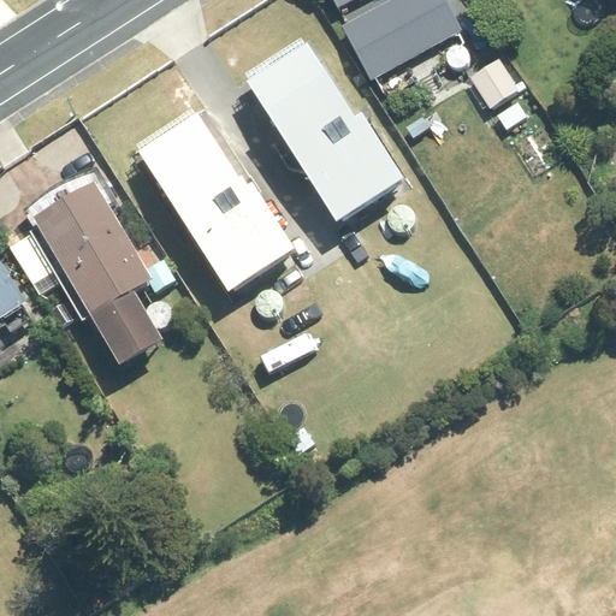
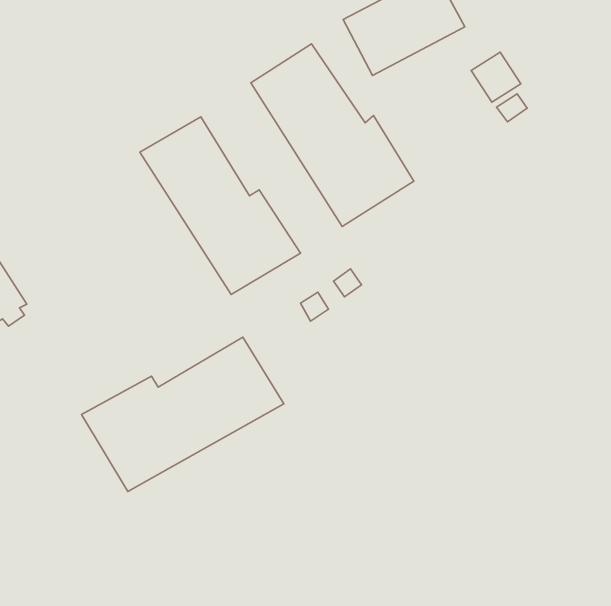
building: [20,159,164,369] -> none
building: none -> [82,337,284,491]

